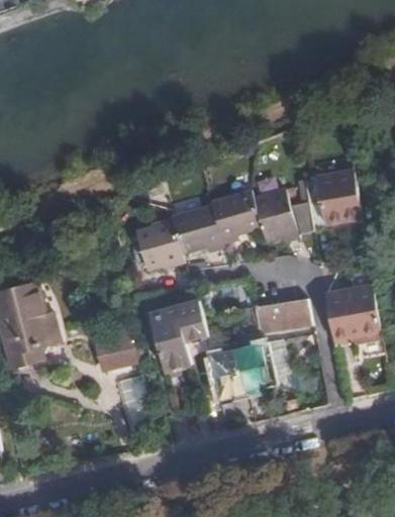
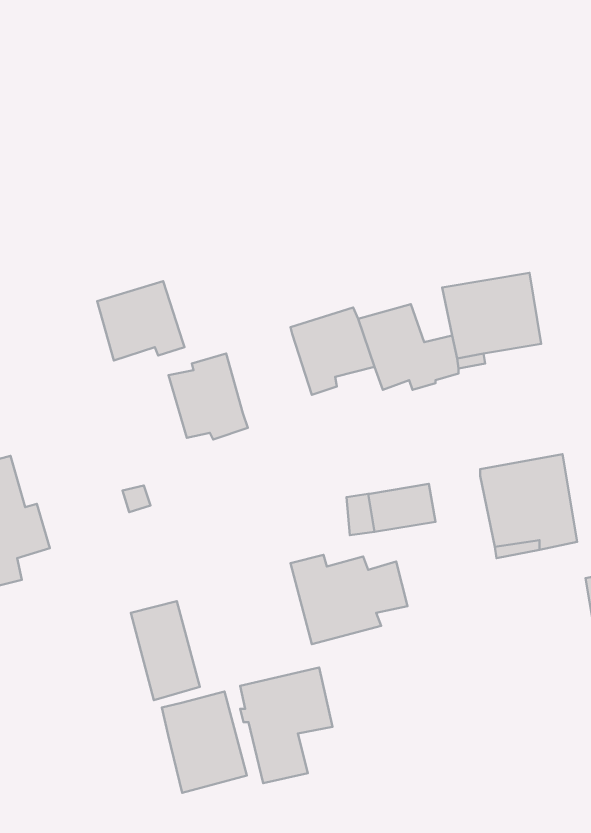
building: [169,208,222,256] -> [97,281,185,360]
building: [150,299,206,370] -> [240,668,332,783]
building: [94,322,133,359] -> none
building: none -> [162,692,247,793]

